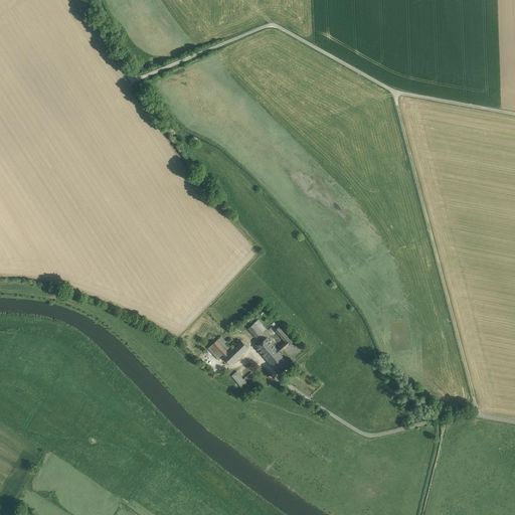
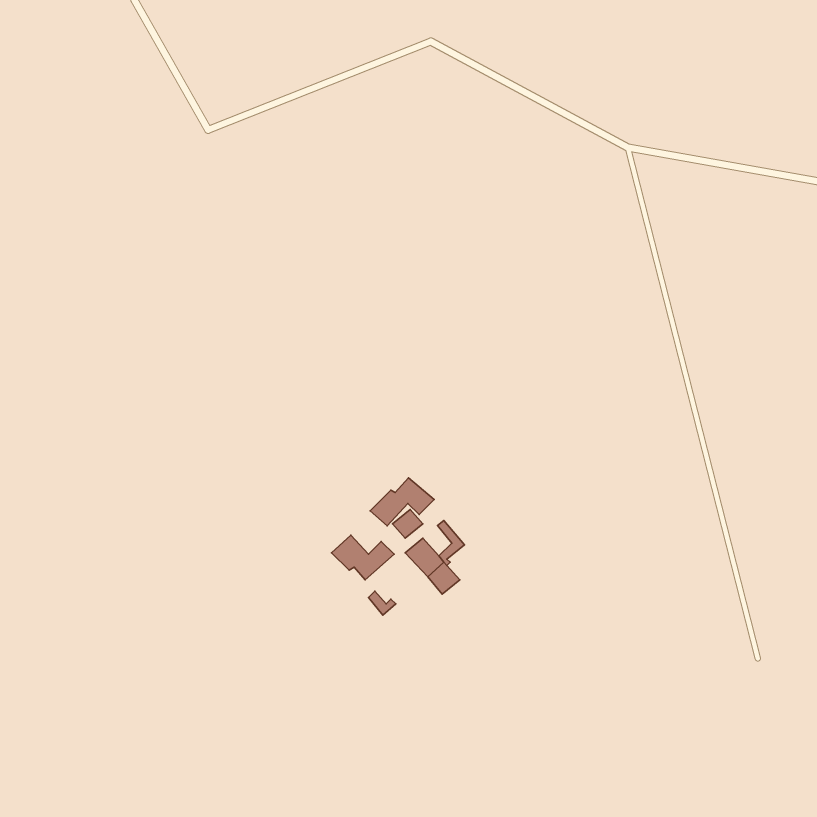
building: none -> [370,478,434,526]

